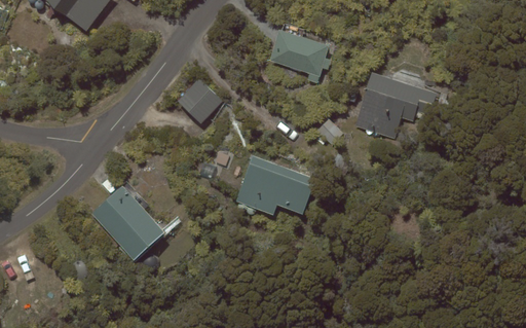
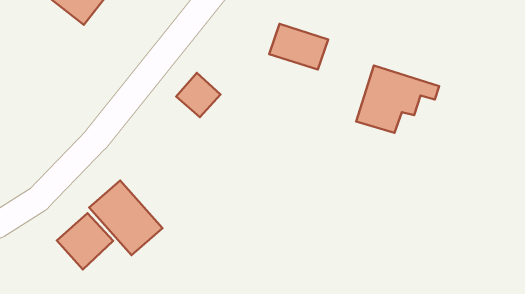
building: [234,154,314,214] -> none
building: none -> [57,213,113,270]

